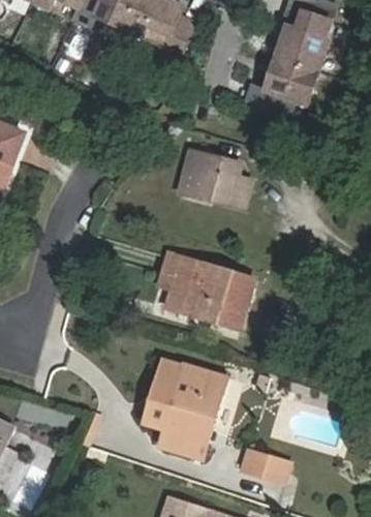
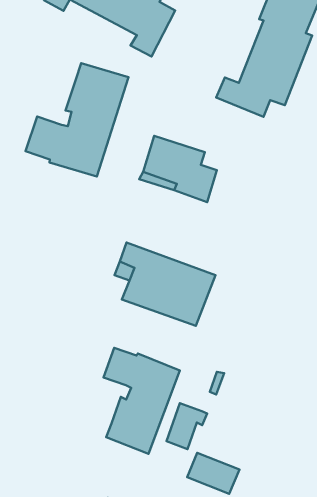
building: none -> [26,63,129,176]
building: [144,381,181,424] -> [166,403,207,449]

